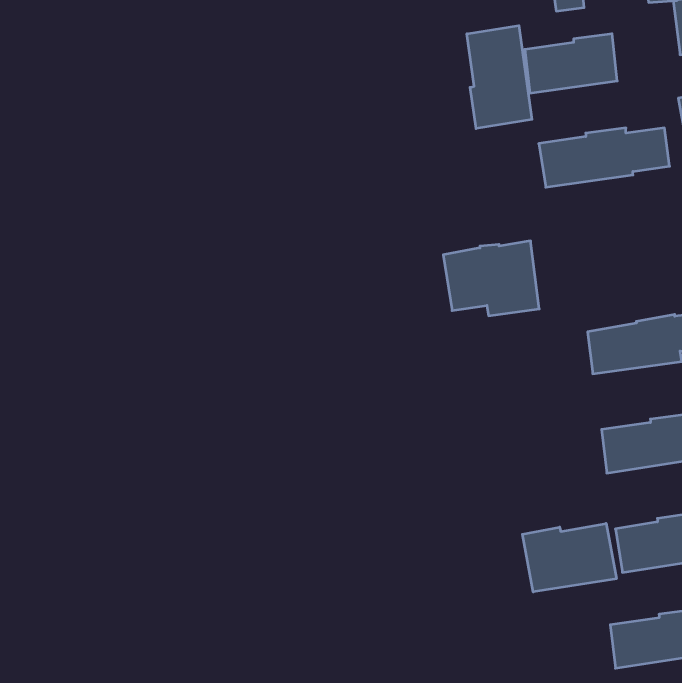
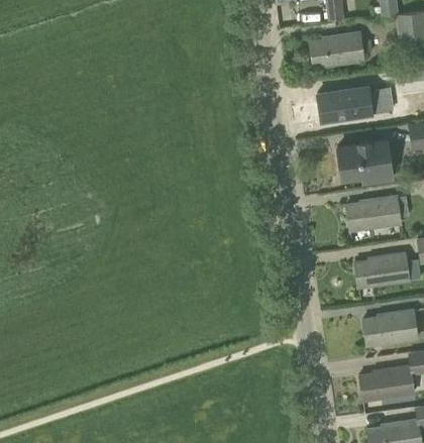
building: [467,26,532,129] -> none
building: [443,241,539,316] -> [337,139,393,183]
building: [522,523,616,592] -> none

